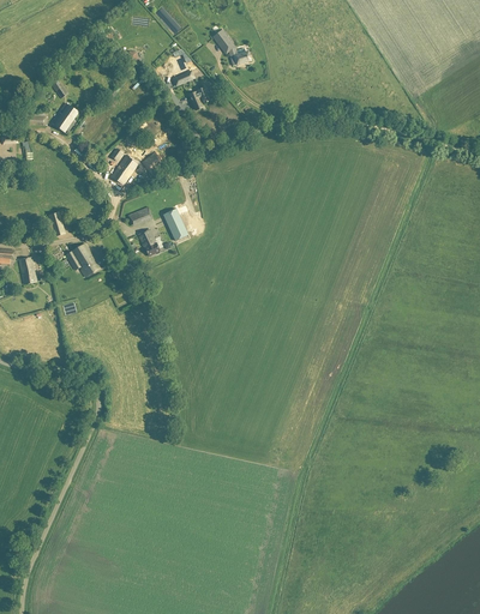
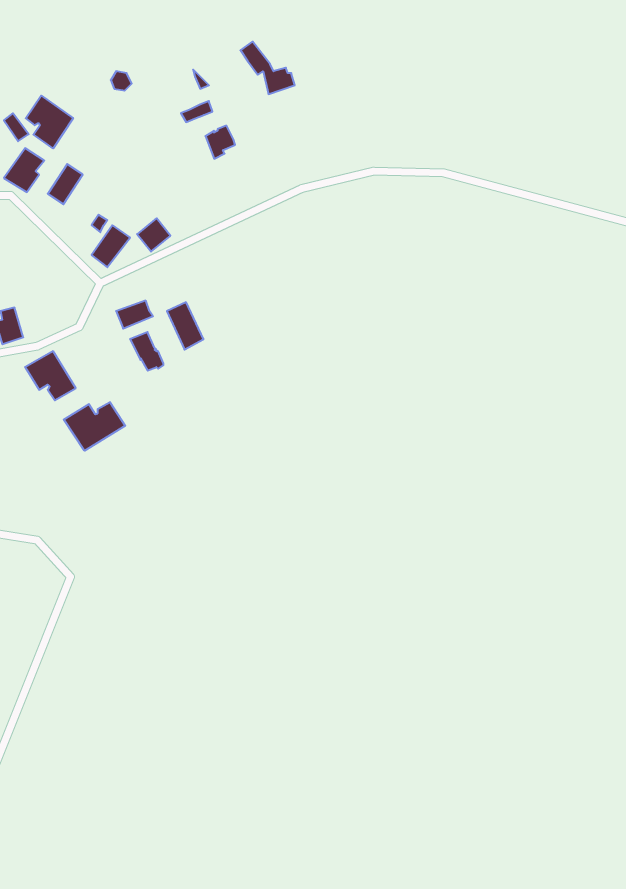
building: none -> [26,96,73,148]
building: none -> [64,402,125,451]

